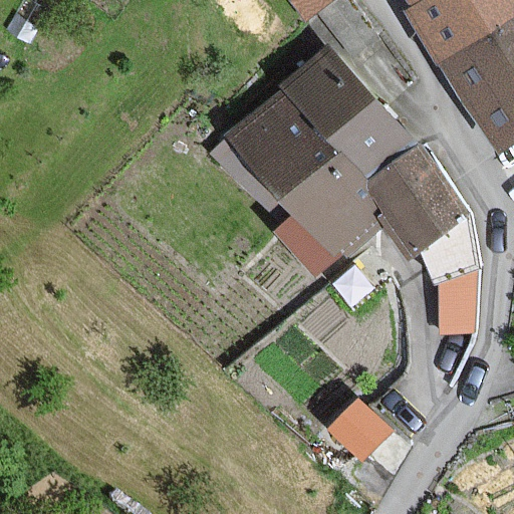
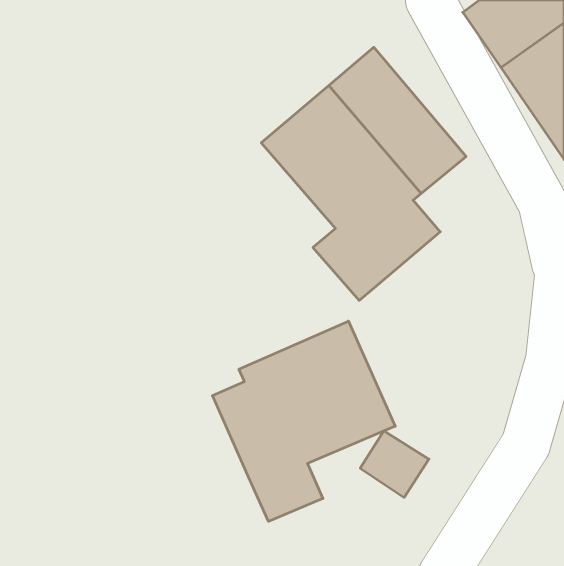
building: [368,148,476,338] -> none
building: none -> [212,321,395,521]

